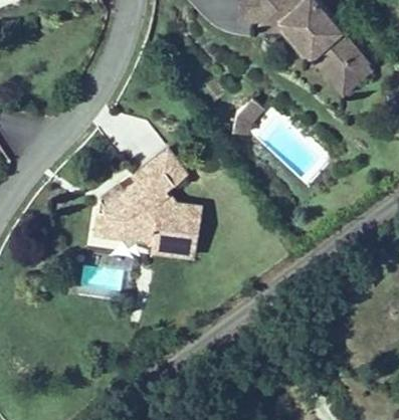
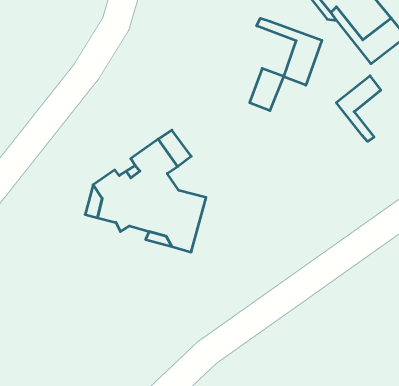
building: none -> [257,18,322,85]
building: none -> [336,76,381,141]

